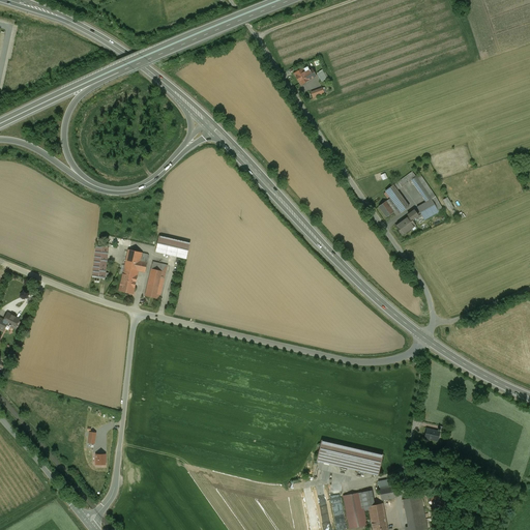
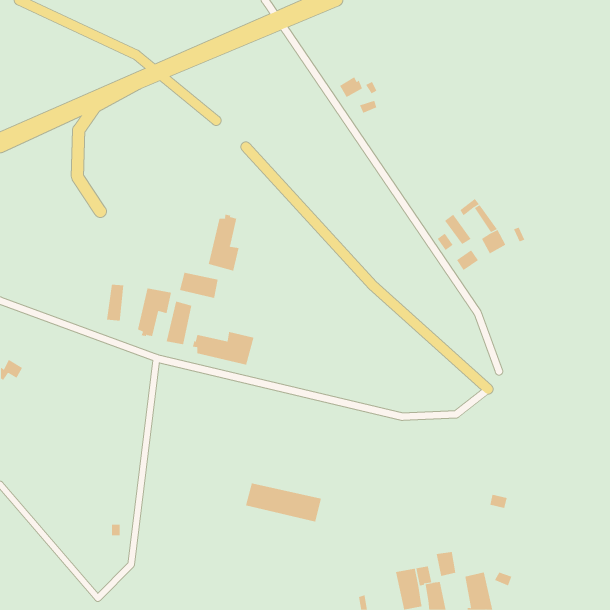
building: none -> [208,214,239,271]
building: none -> [192,331,254,365]
building: [317,441,383,475] -> [245,483,322,522]

